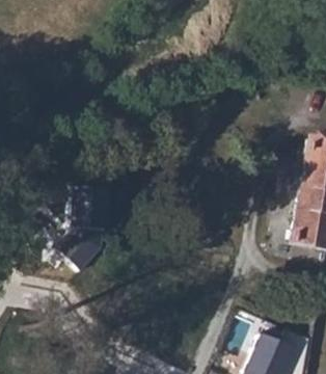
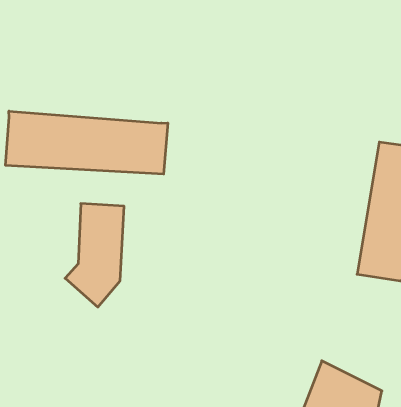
building: none -> [6,111,168,174]

